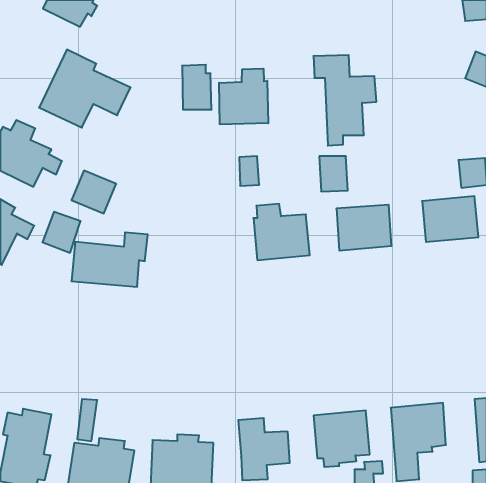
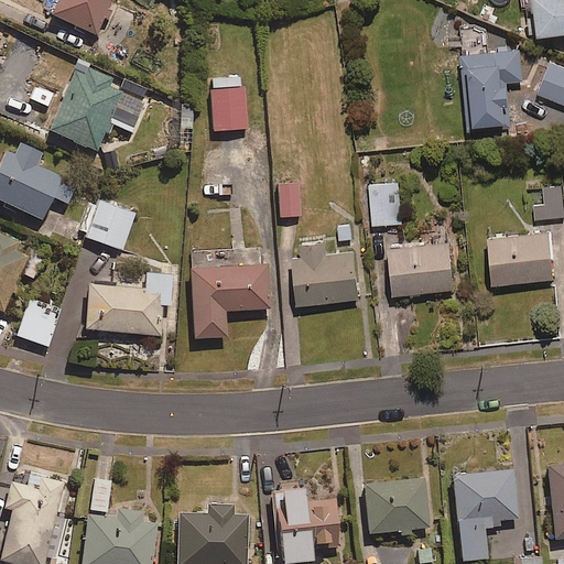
building: [313,55,376,146] -> [451,26,523,131]
building: [219,69,268,124] -> none
building: [42,212,81,253] -> [15,302,59,349]
building: none -> [191,251,270,339]

